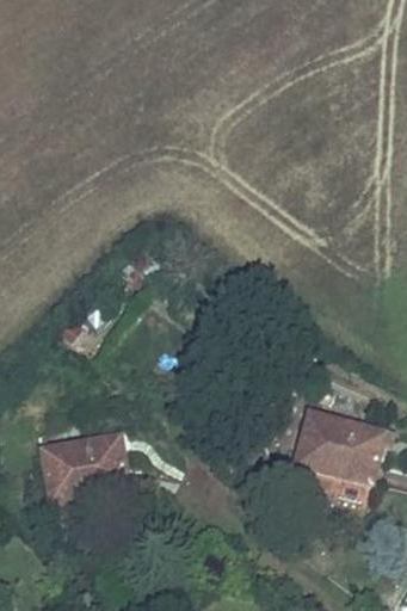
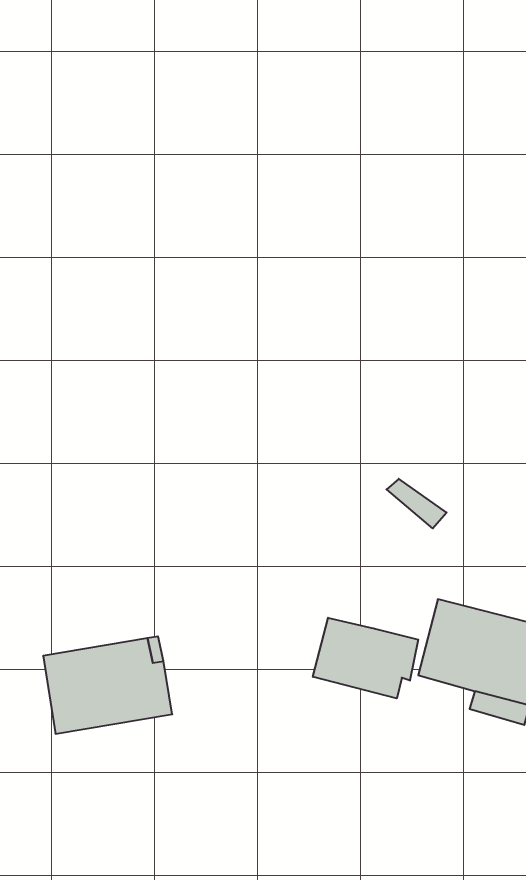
building: none -> [313,618,418,698]

